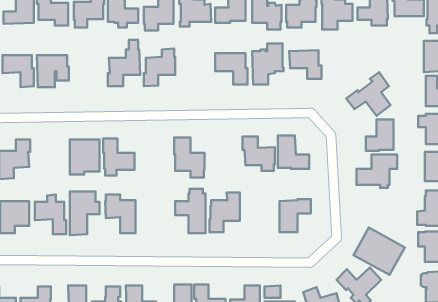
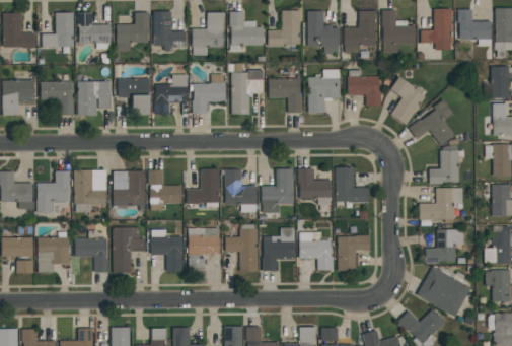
building: none -> [231,70,263,114]
building: none -> [389,77,425,126]
building: none -> [118,79,149,115]
building: none -> [261,168,293,213]
building: none -> [187,169,219,207]
building: none -> [74,170,106,213]
building: none -> [188,228,220,271]
building: none -> [425,229,463,264]
building: none -> [299,232,334,270]

